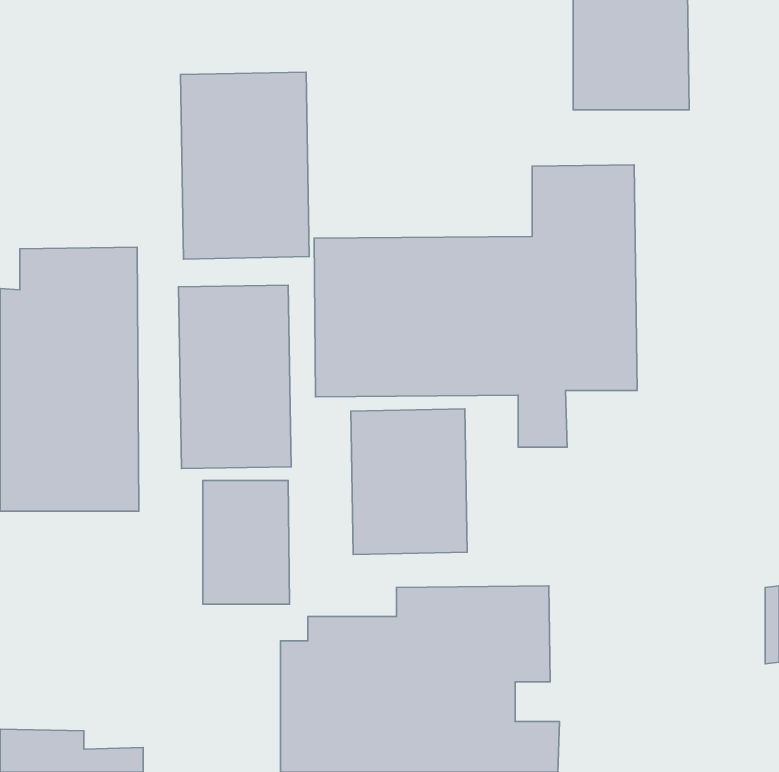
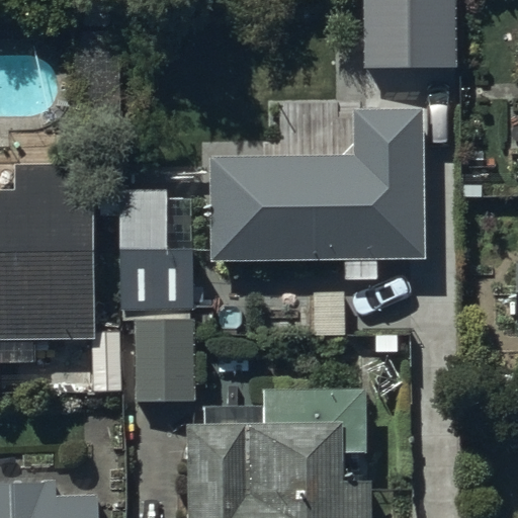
building: [180,72,309,259] -> none
building: [351,409,467,554] -> none

